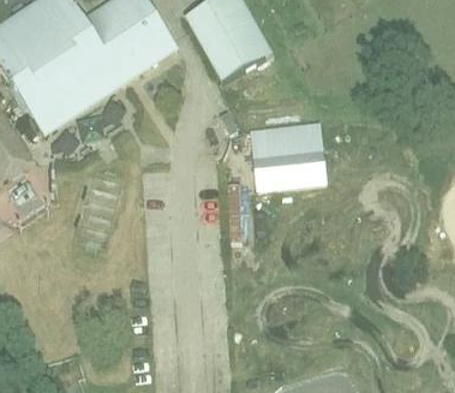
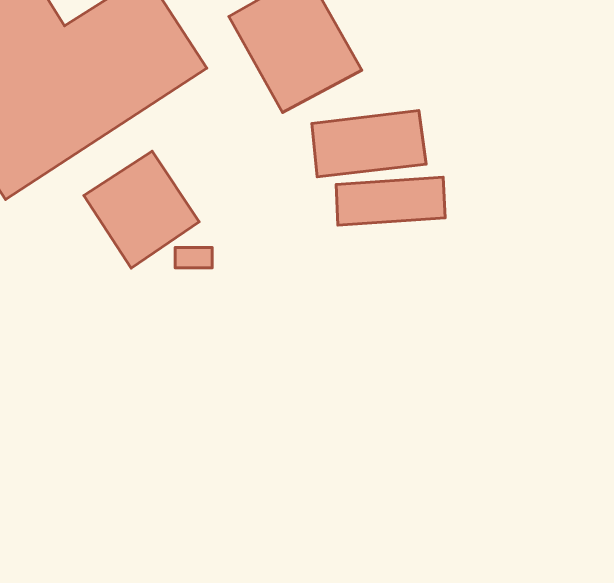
building: none -> [84,151,199,268]
building: [256,149,330,192] -> [312,110,426,177]

